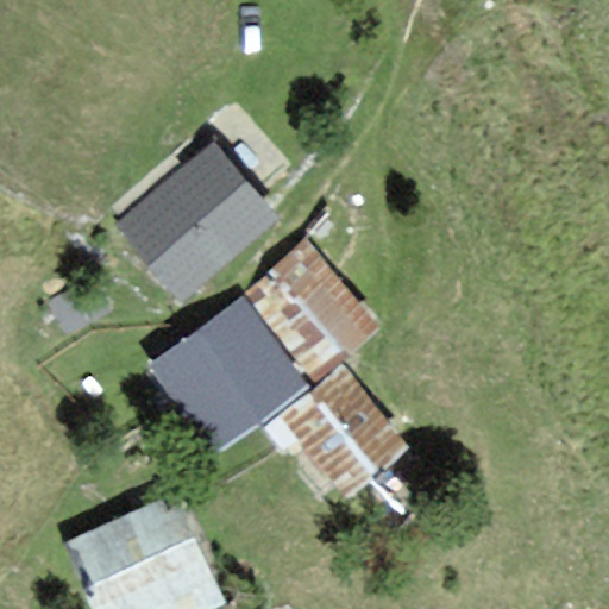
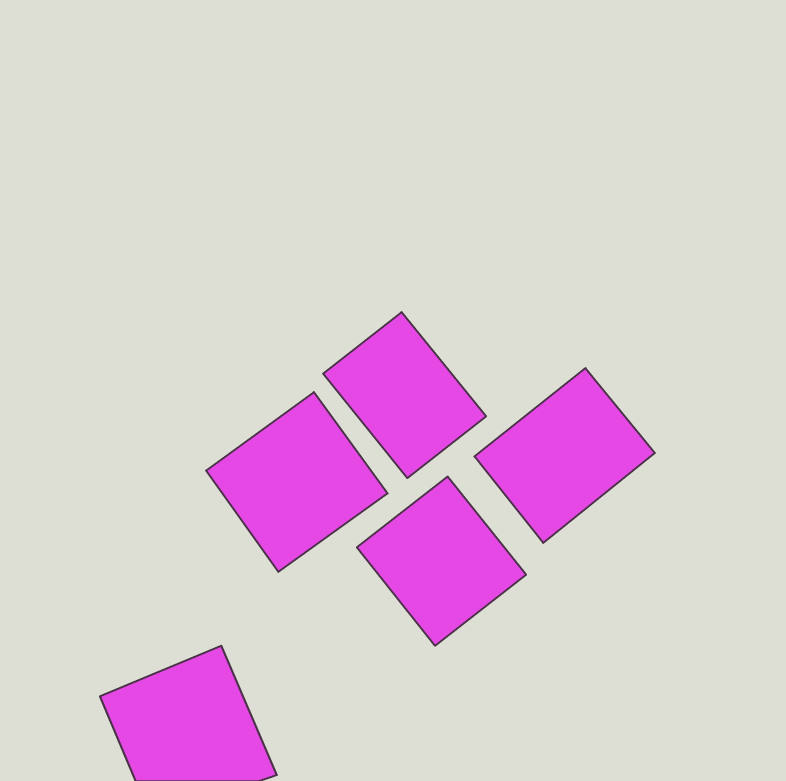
building: [124,147,268,288] -> none
building: none -> [474,368,655,543]

